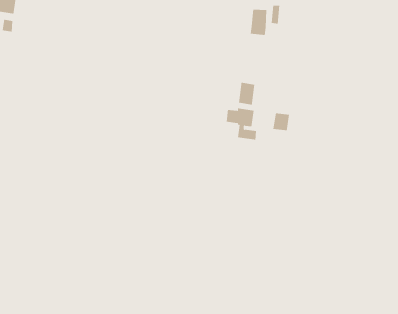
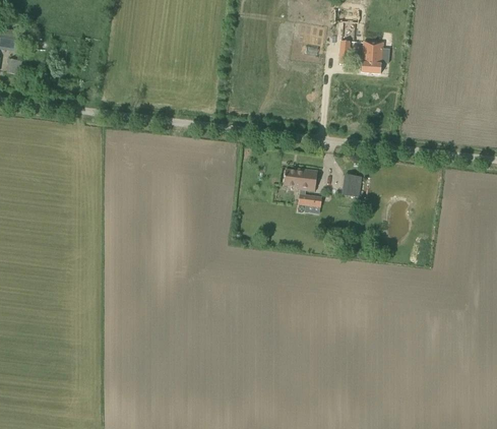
building: [250,9,267,35] -> [361,42,382,74]
building: [239,82,255,106] -> none

